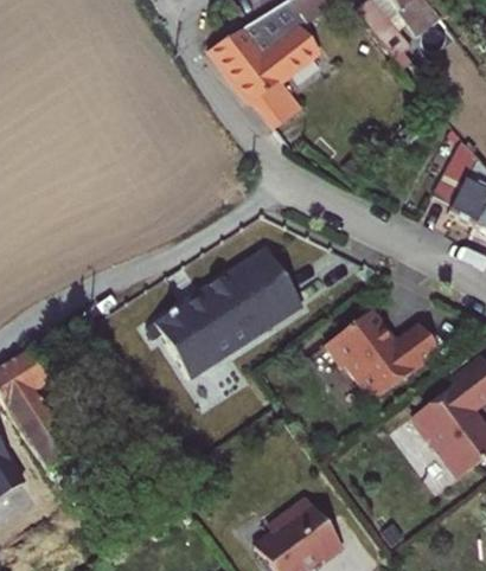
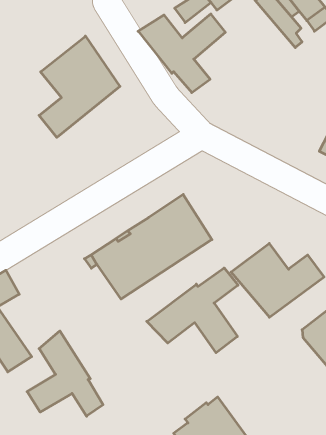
building: none -> [39,36,120,137]
building: none -> [147,268,238,353]
building: none -> [27,331,103,416]

